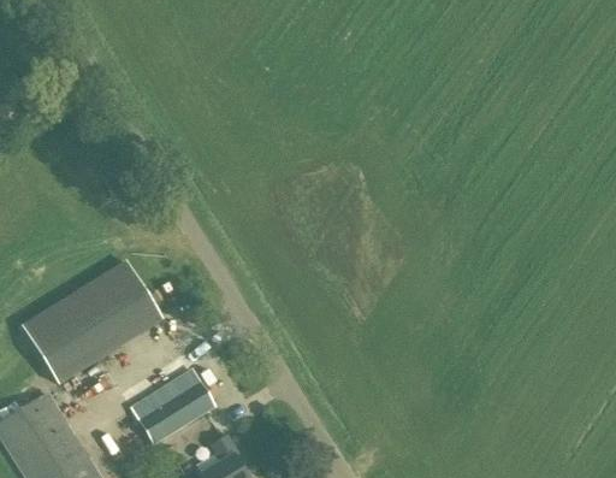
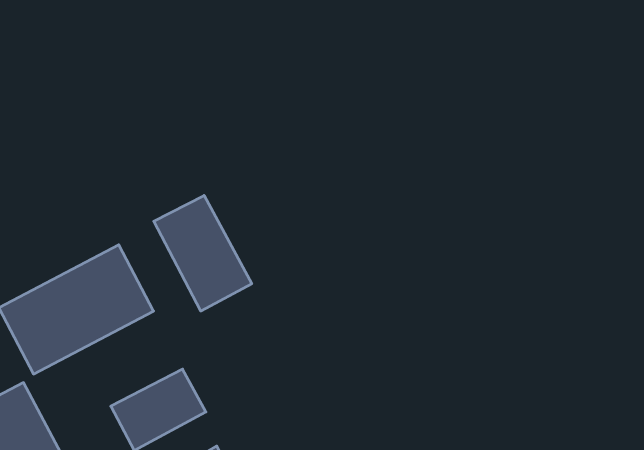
building: none -> [154,195,252,311]

